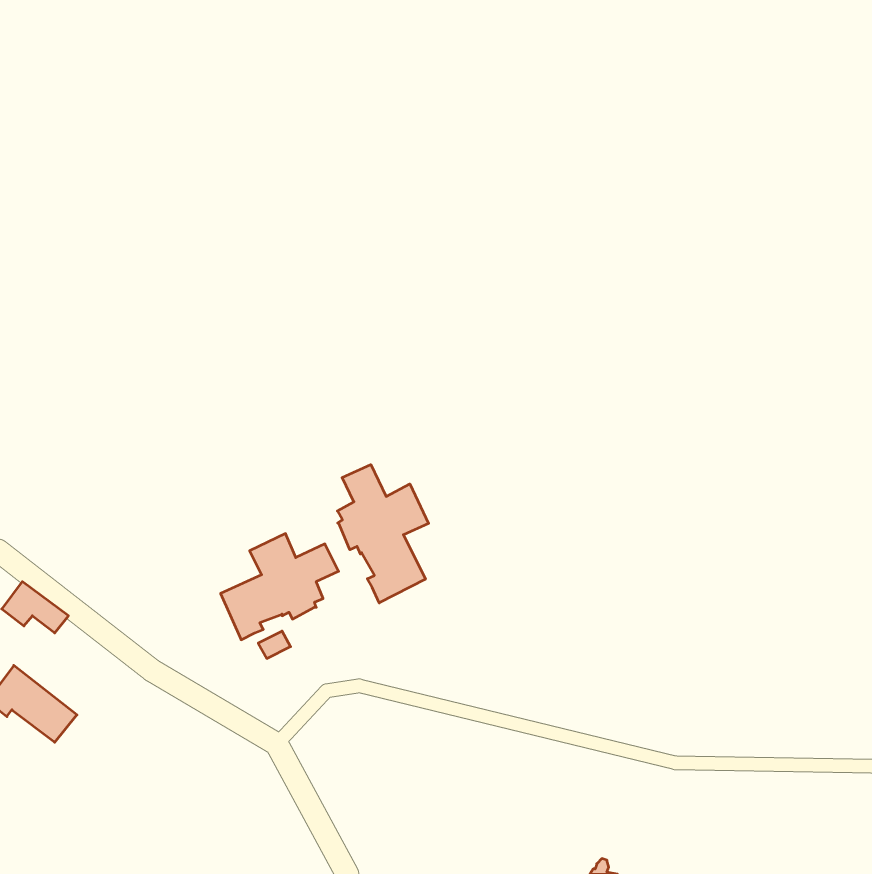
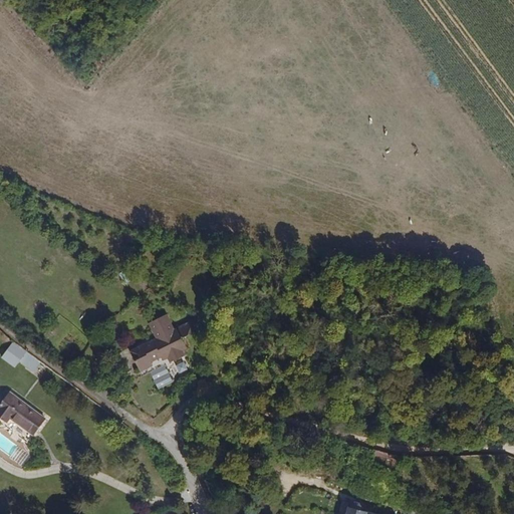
building: [337,465,429,603] -> none

